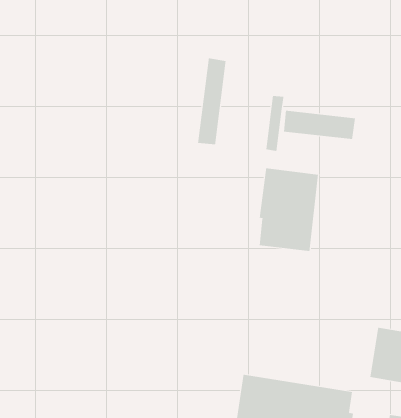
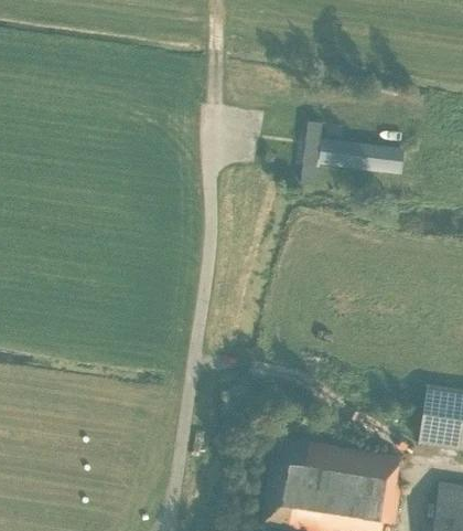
building: [197,58,226,145] -> none
building: [259,168,318,252] -> none

